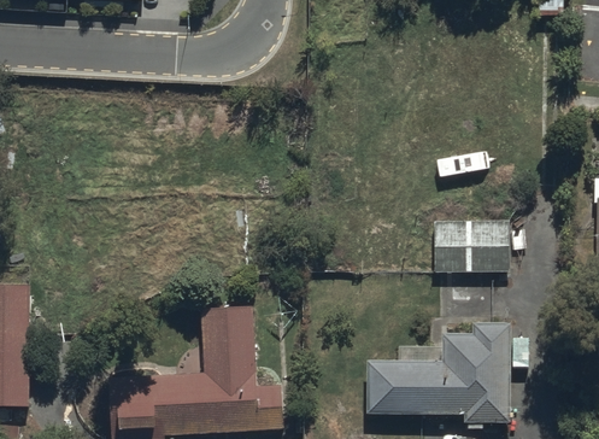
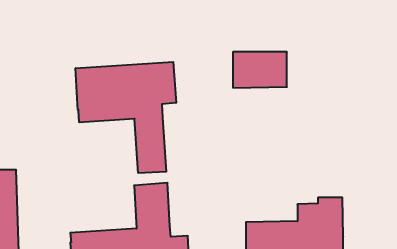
building: none -> [76,62,176,173]
building: [431,217,511,270] -> [233,52,287,88]

